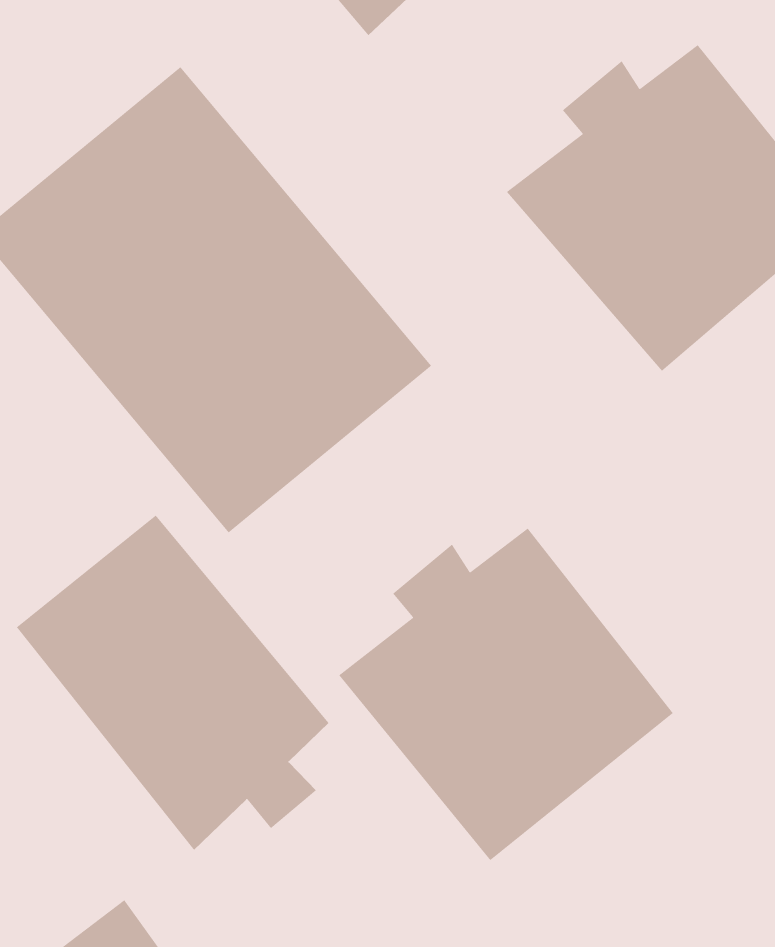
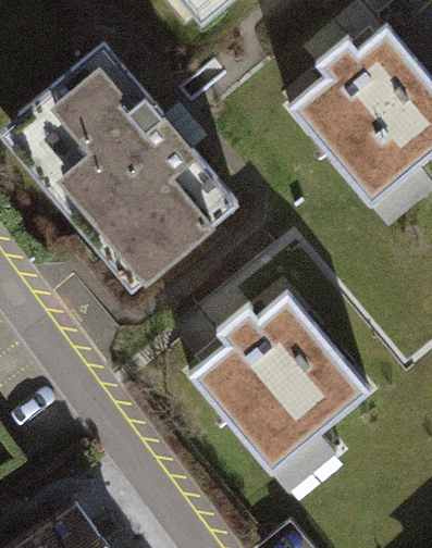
building: [16,515,330,851] -> none

